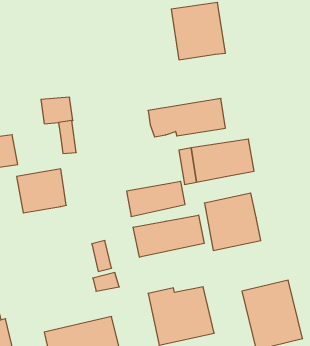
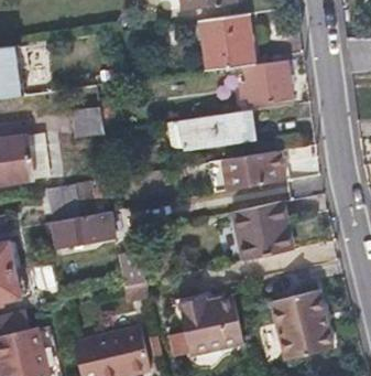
building: none -> [245,58,293,101]
building: [127,181,185,217] -> [54,213,112,248]
building: [133,215,204,257] -> none

